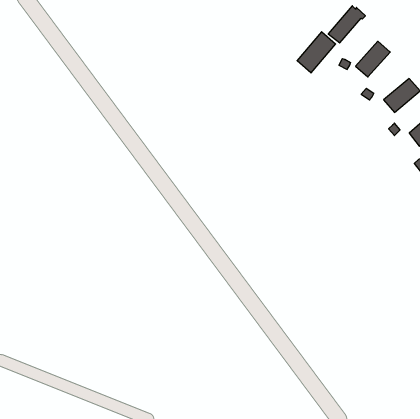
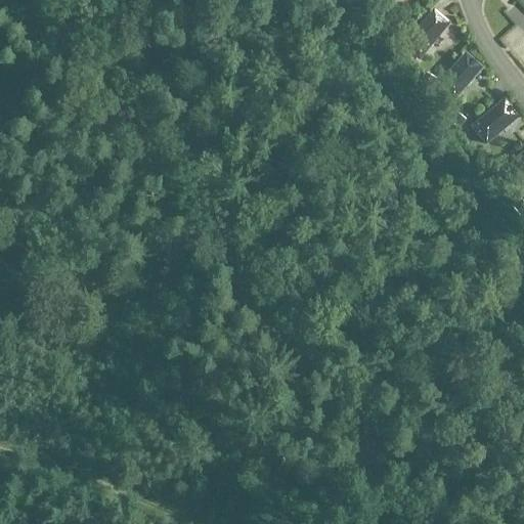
building: [297,32,336,73] -> none

